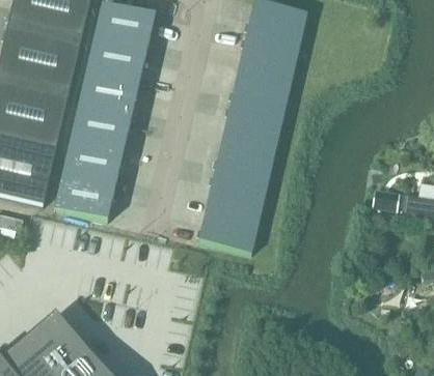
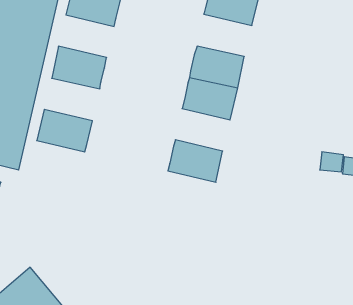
building: [240,31,300,78] -> none
building: [87,32,148,79] -> none
building: [72,102,133,148] -> none
building: [216,135,276,181] -> none
building: [56,170,116,216] -> none
building: [199,203,261,250] -> none

